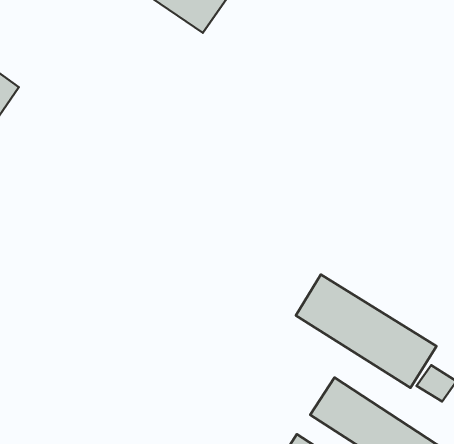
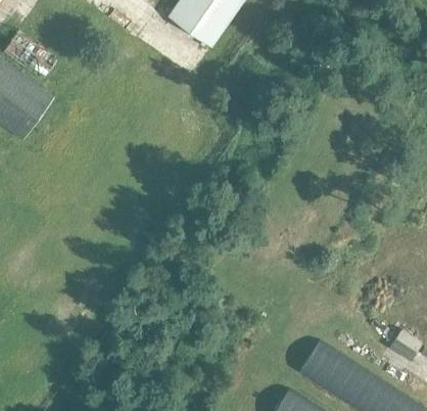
building: [296,275,437,388] -> none

